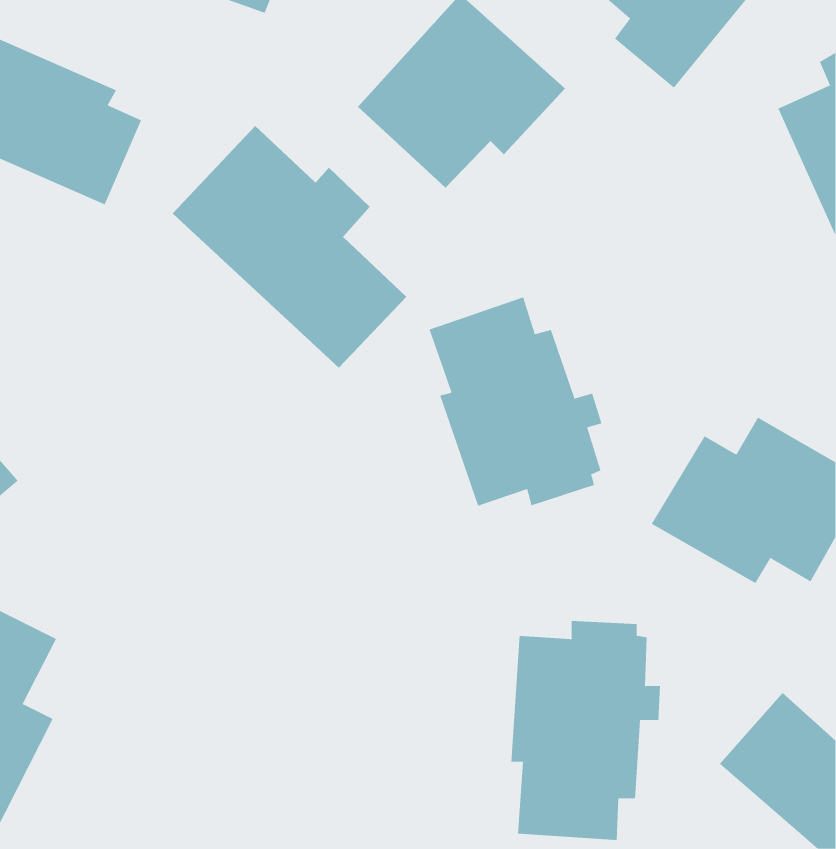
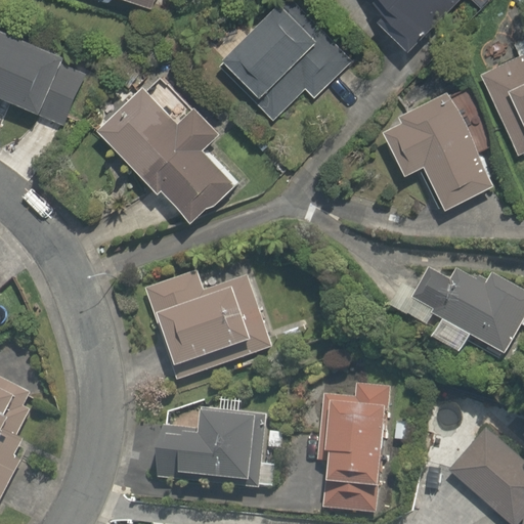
building: none -> [388,81,500,208]
building: [429,297,602,507] -> none
building: none -> [141,269,275,385]
building: none -> [154,408,261,485]

